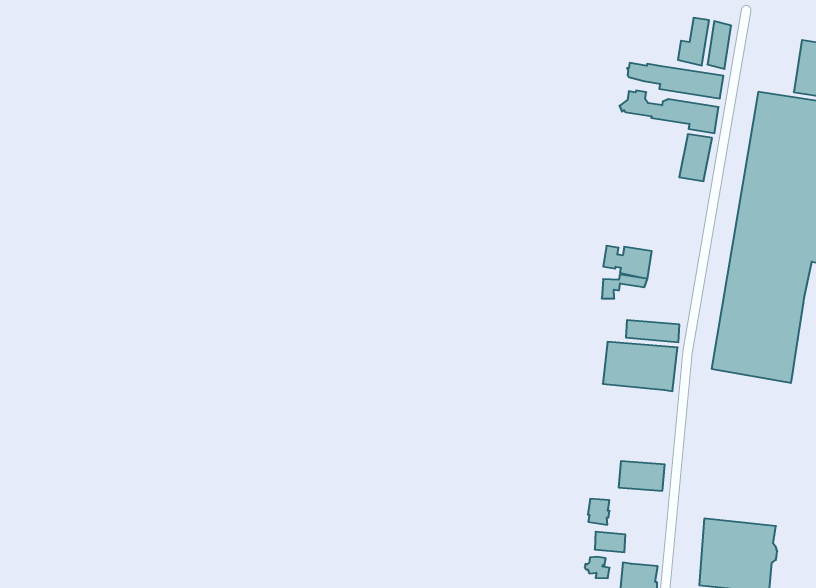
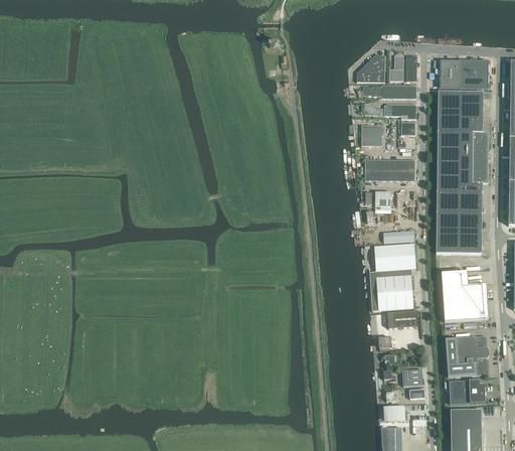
building: none -> [356,54,385,83]
building: none -> [438,58,458,89]
building: none -> [361,125,383,146]
building: none -> [365,159,414,181]
building: none -> [369,269,413,311]
building: none -> [441,271,488,322]

